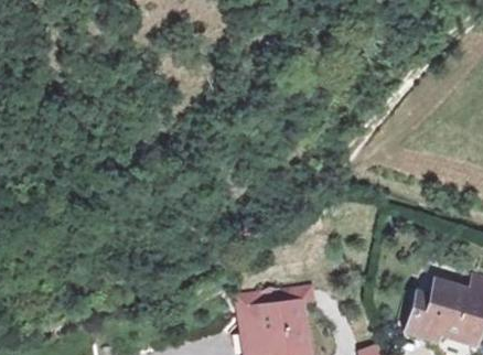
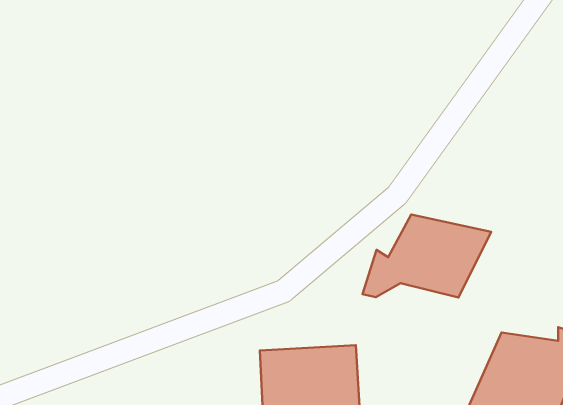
building: none -> [363,214,491,298]

